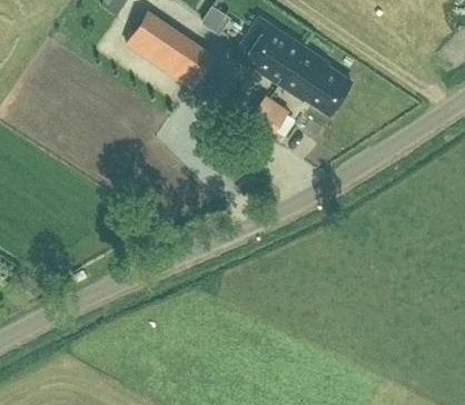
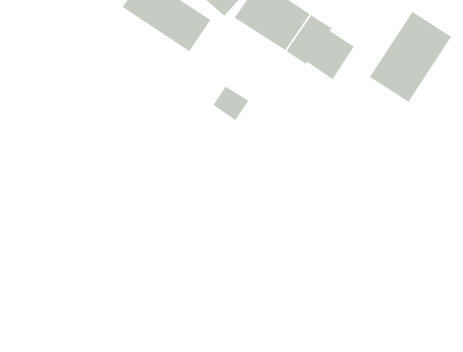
building: none -> [369,11,452,103]
building: [254,98,289,132] -> [213,85,250,121]

